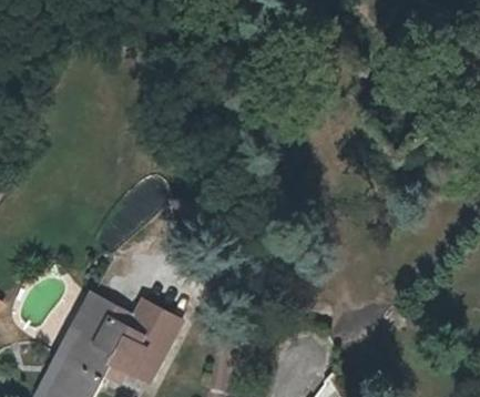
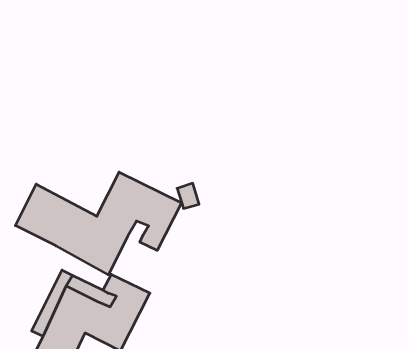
building: none -> [15,172,182,275]

